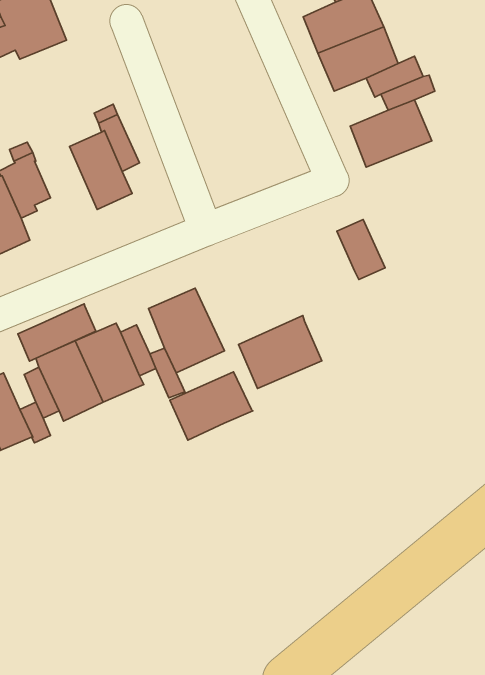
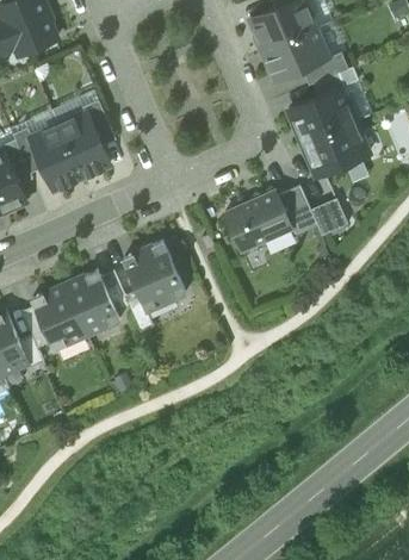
building: none -> [300,120,368,175]
building: none -> [30,125,81,188]
building: none -> [309,197,347,235]
building: [18,304,96,361] -> none
building: [239,315,322,388] -> [223,189,291,249]
building: [170,372,253,440] -> none

